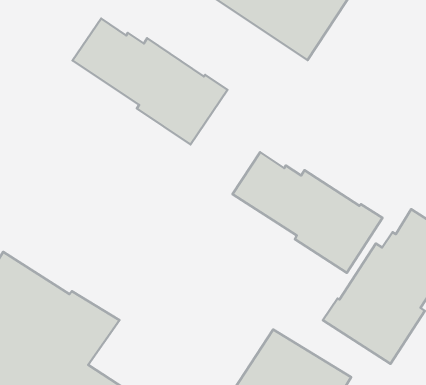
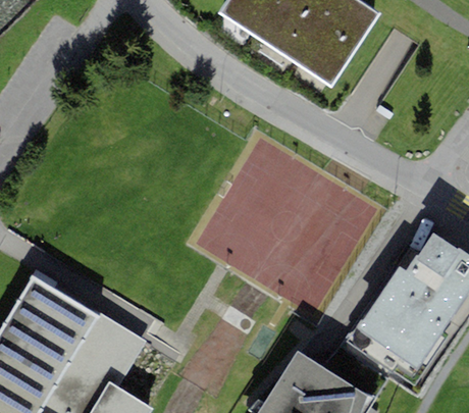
building: [73,18,228,145] -> none
building: [233,152,382,273] -> none

